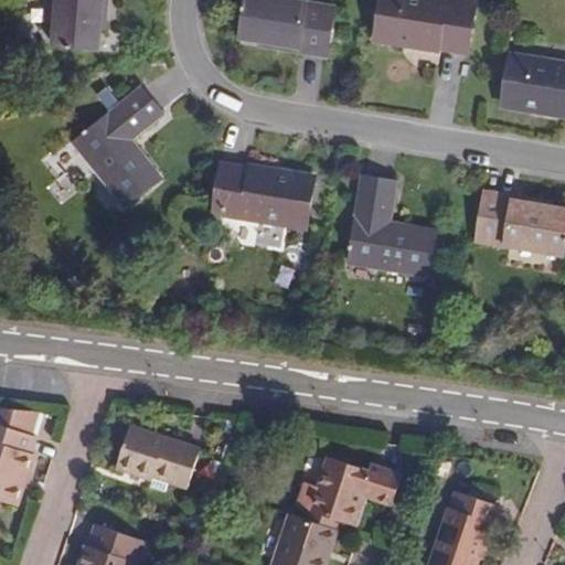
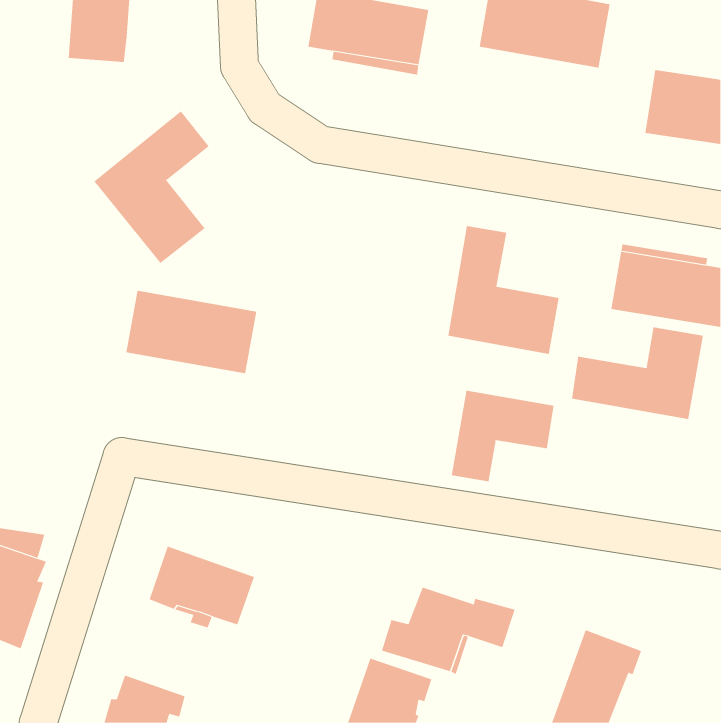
building: [212,163,315,228] -> [125,290,257,374]
building: none -> [571,327,703,420]
building: none -> [451,390,554,482]

